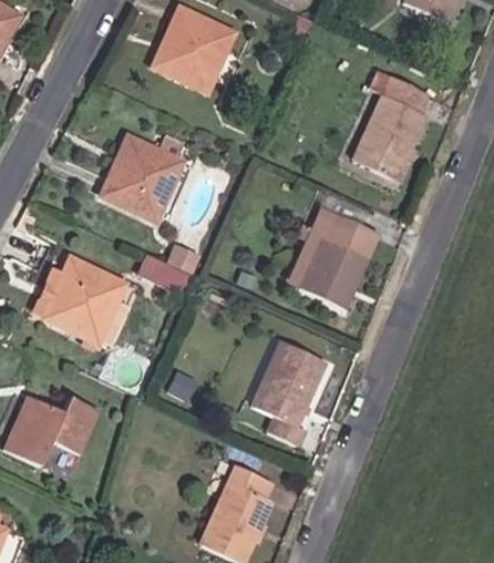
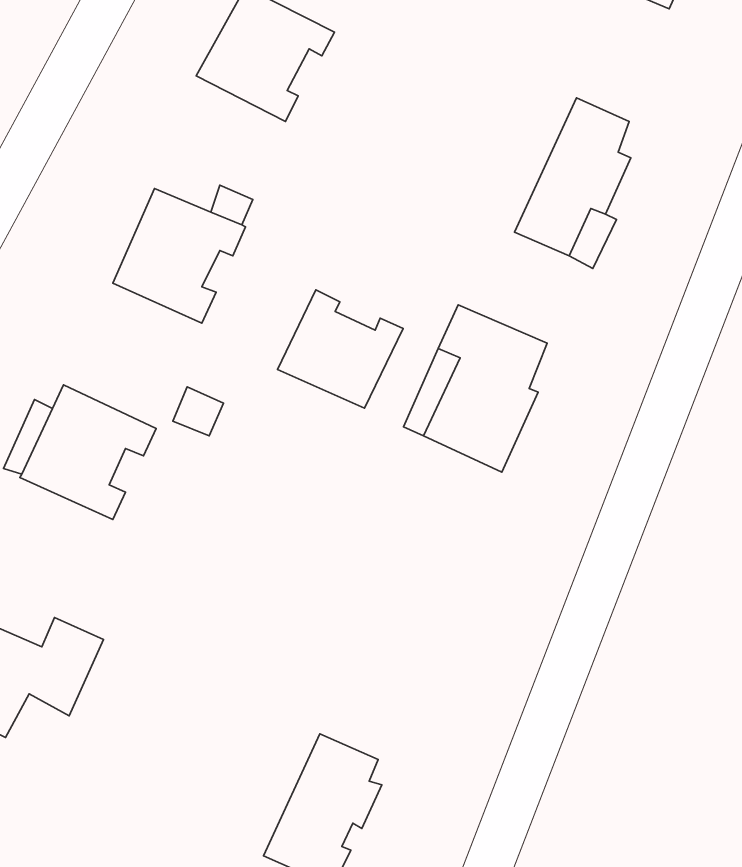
building: none -> [277,290,403,408]
building: [248,341,322,442] -> none

